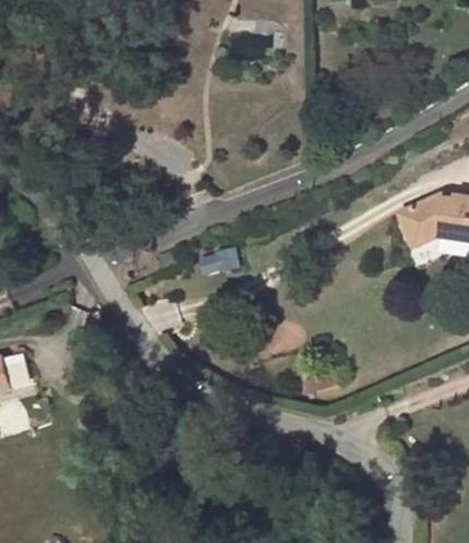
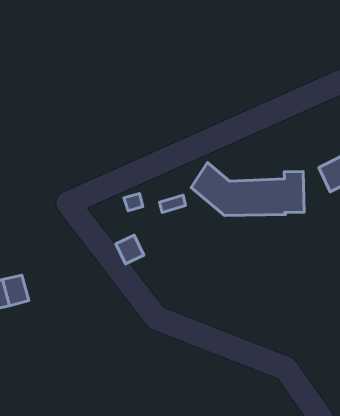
building: none -> [191,163,304,216]

